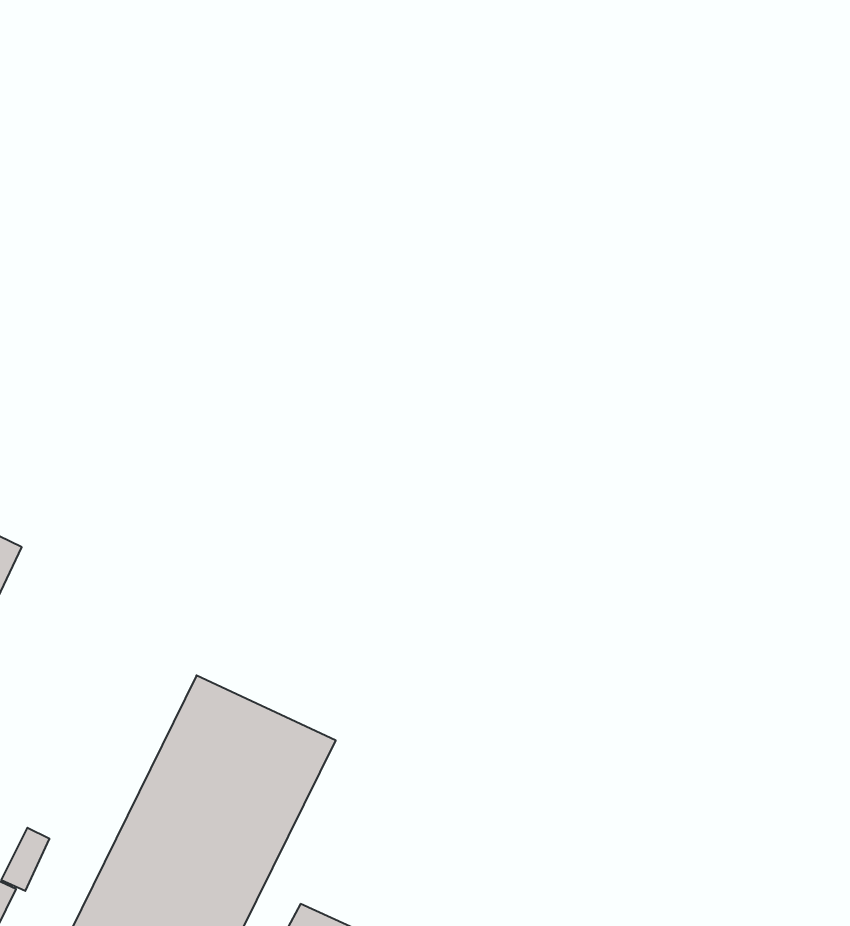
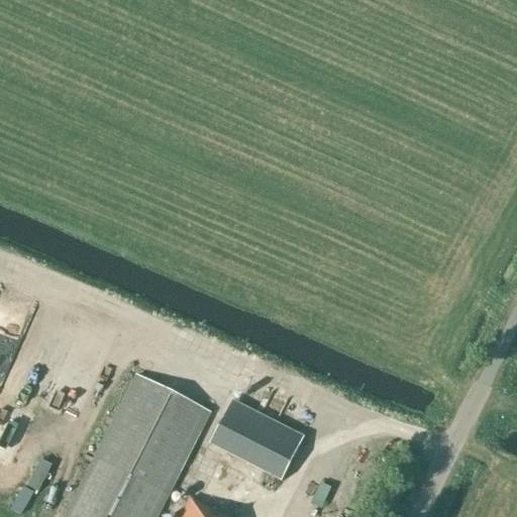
building: none -> [212,402,303,483]

